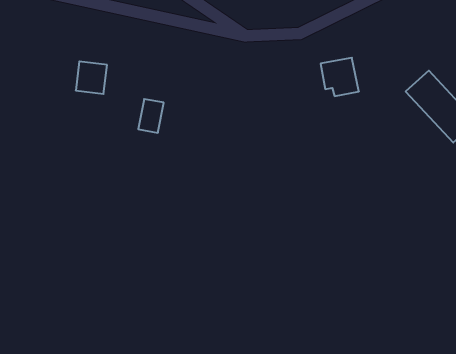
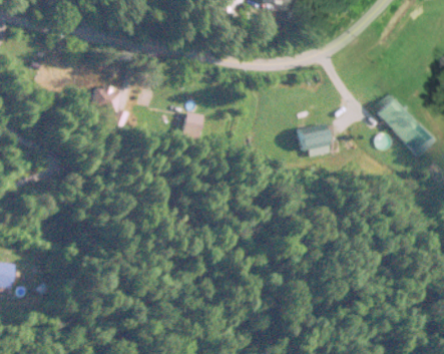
building: [321,58,359,96] -> [298,123,331,156]
building: [138,99,164,133] -> [182,111,204,140]

